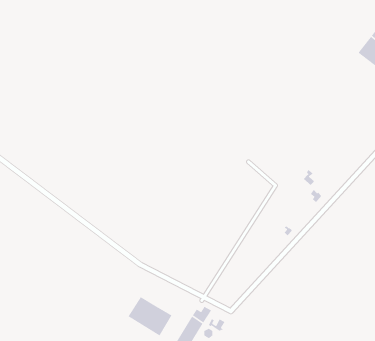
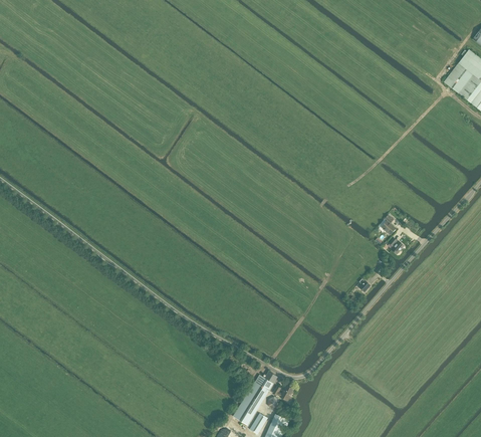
building: [128,296,173,336] -> none

